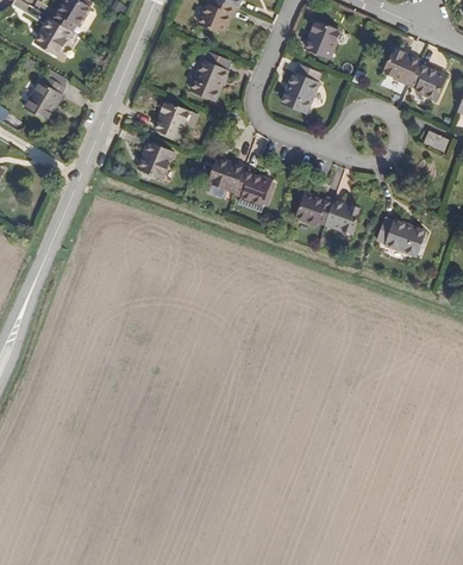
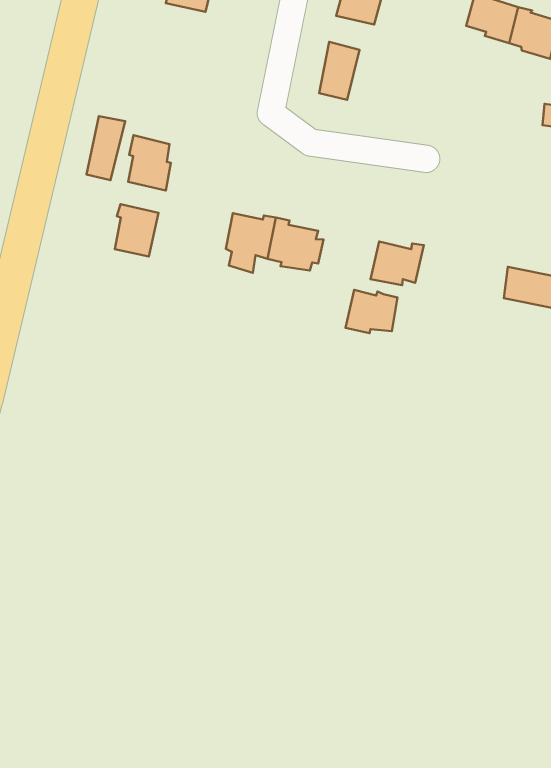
building: [199,51,230,91] -> none
building: none -> [87,116,125,180]
building: [325,199,361,229] -> [345,290,398,333]

